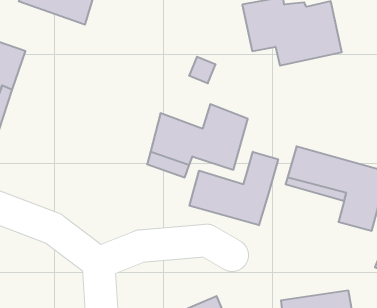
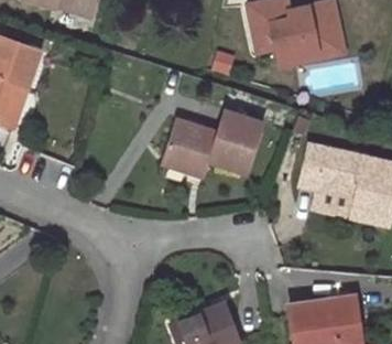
building: [189,152,278,225] -> none

